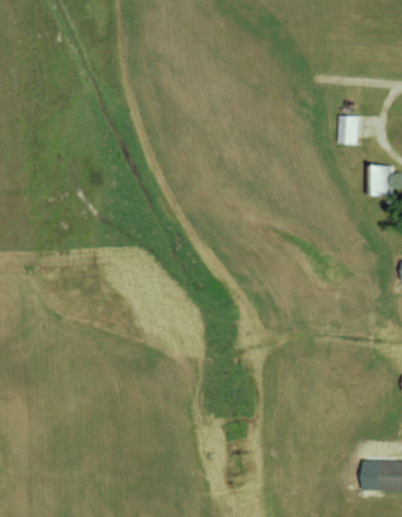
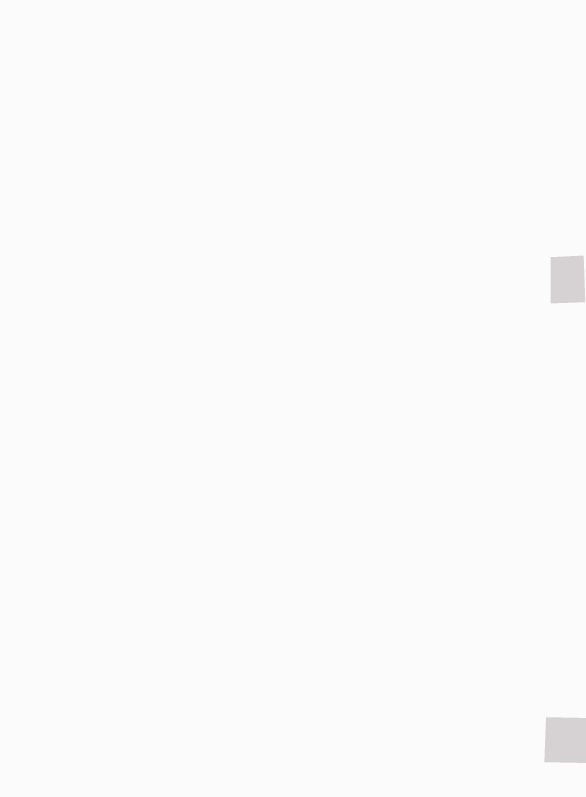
building: [338,115,358,144] -> none

